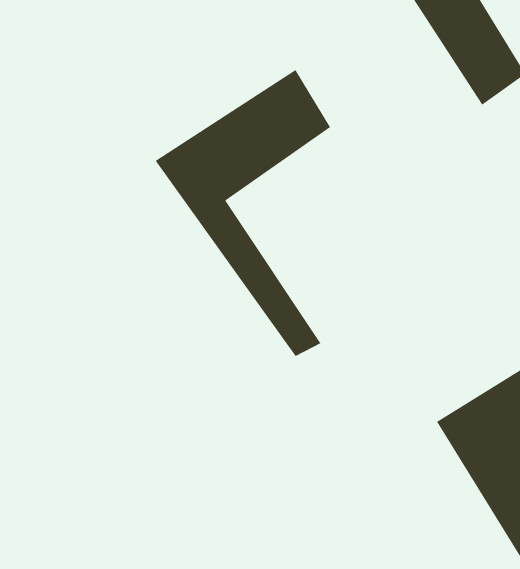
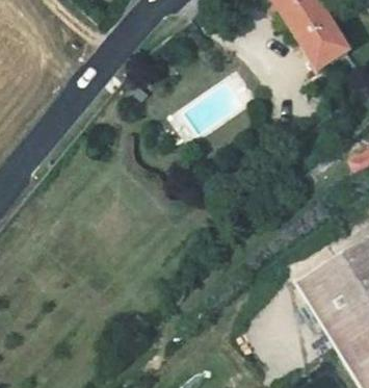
building: [155,69,331,357] -> none

